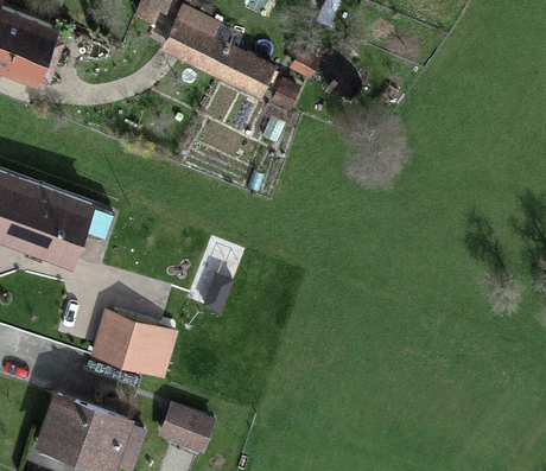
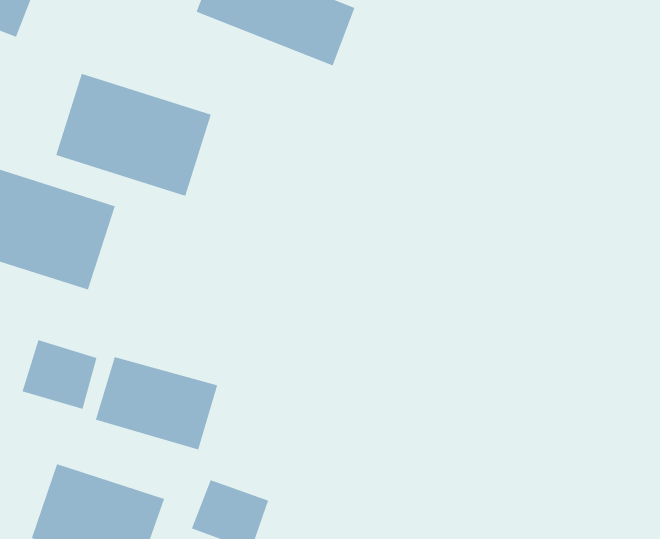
building: none -> [55,73,212,197]
building: none -> [21,339,97,410]

